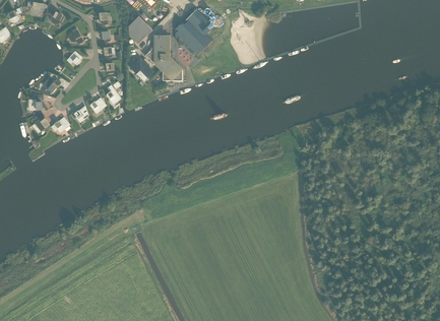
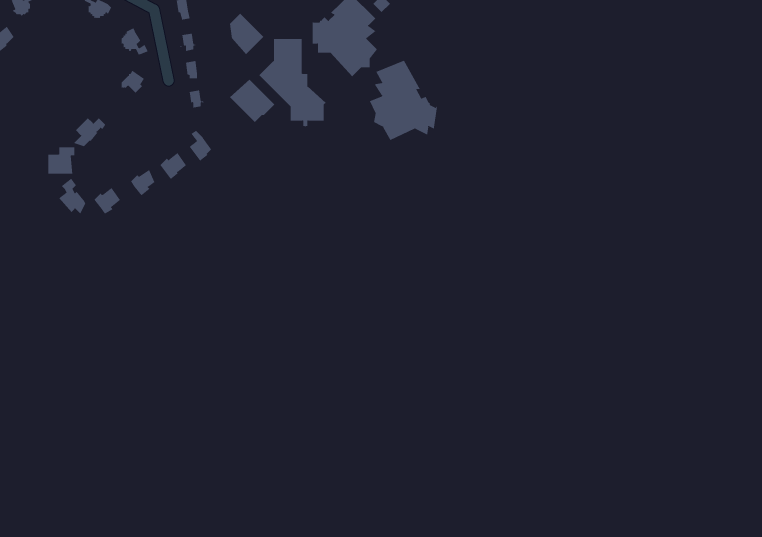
building: none -> [369,60,438,141]

